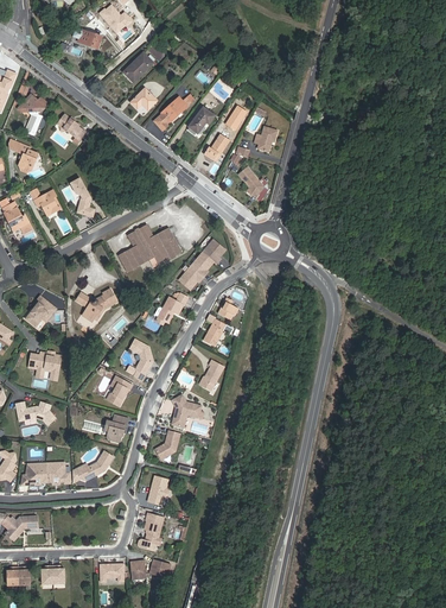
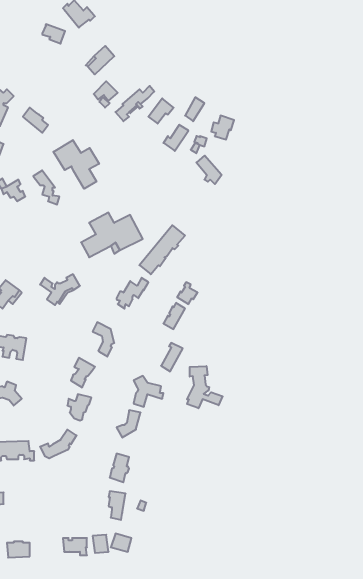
building: none -> [53,140,99,189]
building: none -> [187,366,223,408]

